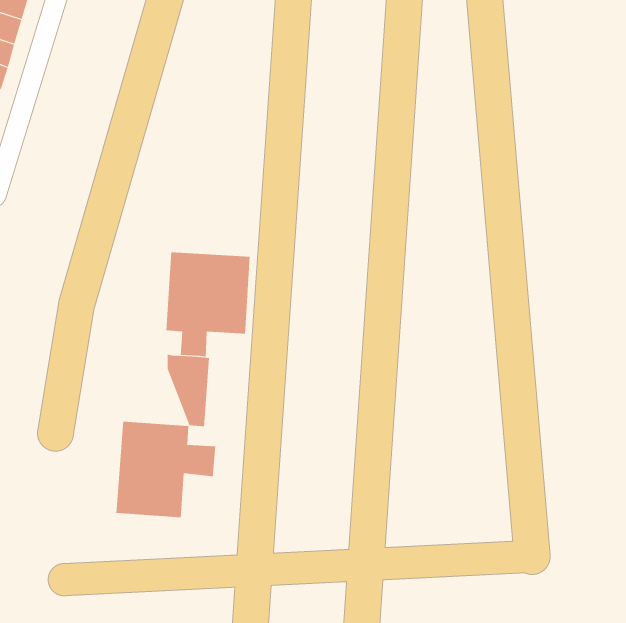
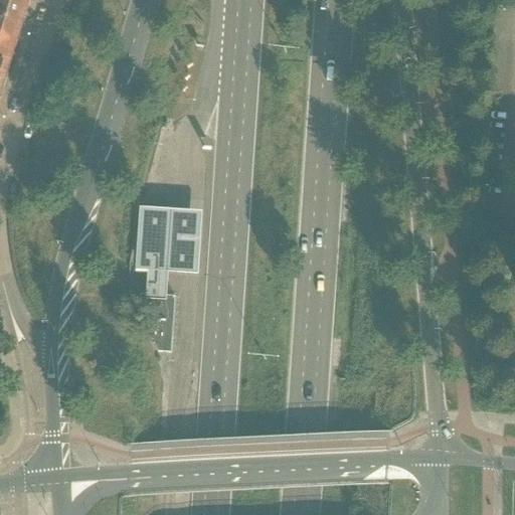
building: [116,421,216,518] -> none

